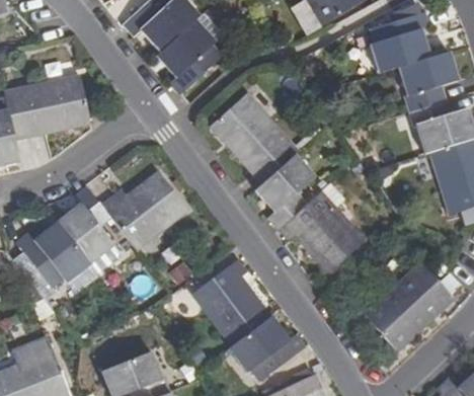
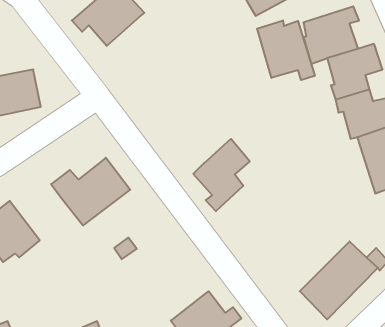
building: [157,21,222,96] -> none
building: none -> [257,20,315,80]
building: [215,94,298,179] -> none
building: [56,183,112,262] -> none
building: [278,193,363,269] -> none
building: [192,259,265,346] -> none

